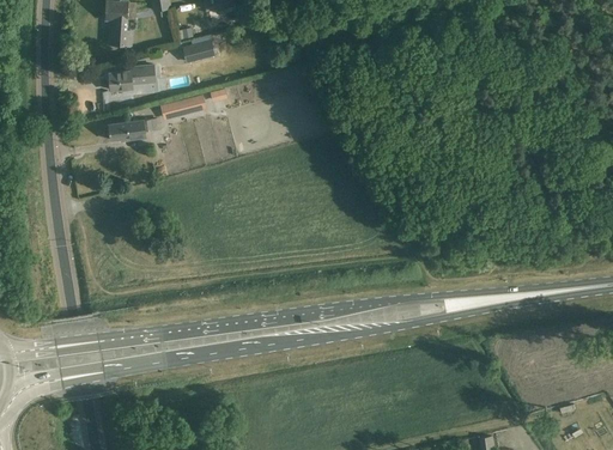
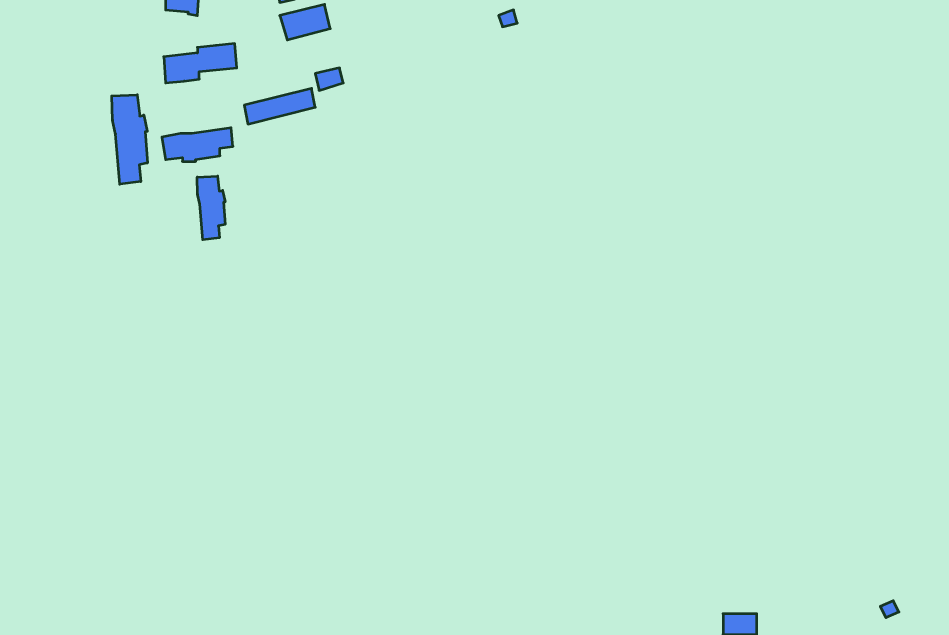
building: none -> [112,95,147,184]
building: none -> [197,176,225,240]

